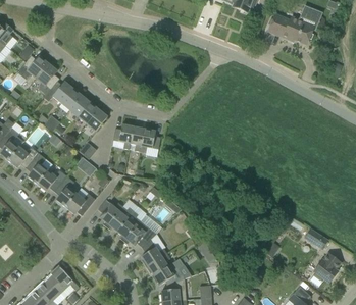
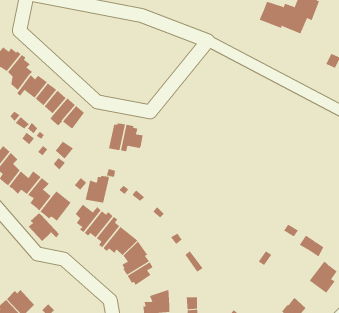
building: [111,123,134,149] -> [85,175,109,203]
building: [152,258,185,285] -> none
building: [48,265,78,293] -> [28,212,60,242]

